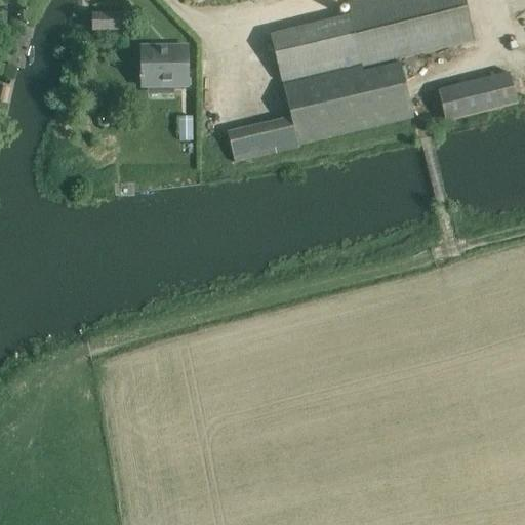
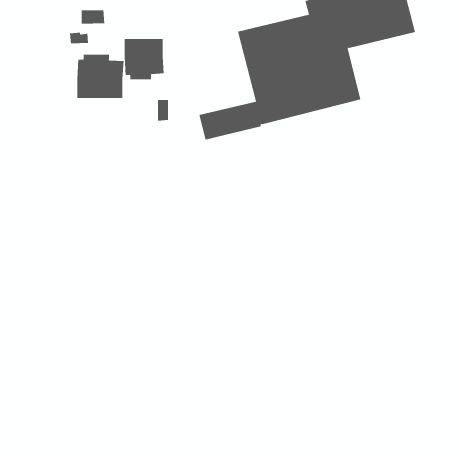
building: none -> [77,54,124,99]
building: [437,70,517,120] -> none

